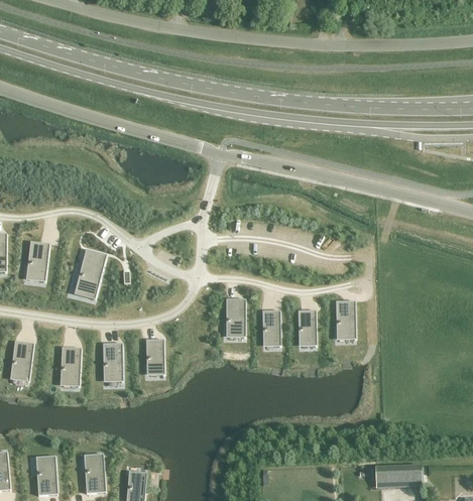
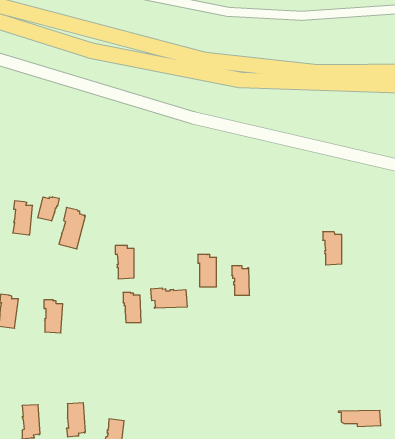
building: none -> [38,197,59,221]
building: [335,302,355,338] -> [323,232,342,265]
building: [298,311,316,344] -> none
building: none -> [151,288,187,308]
building: [102,345,122,380] -> [115,246,134,279]

